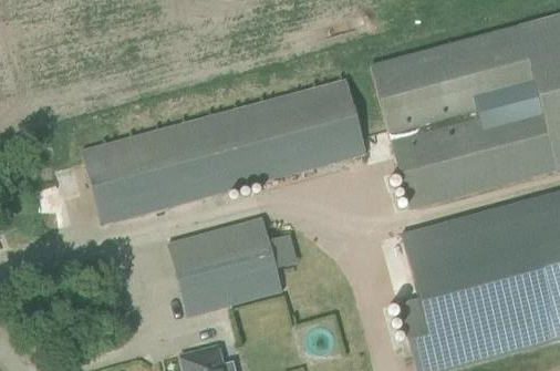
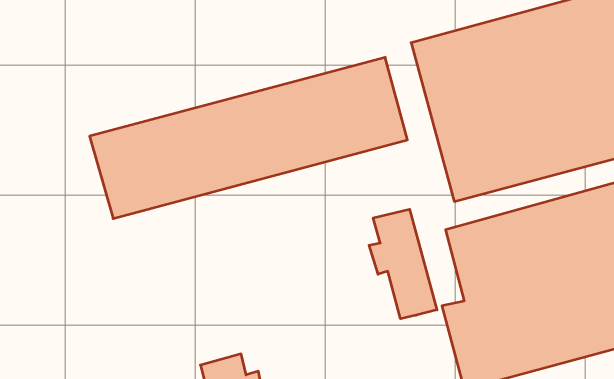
building: none -> [369,209,437,319]
building: [168,217,300,317] -> none

